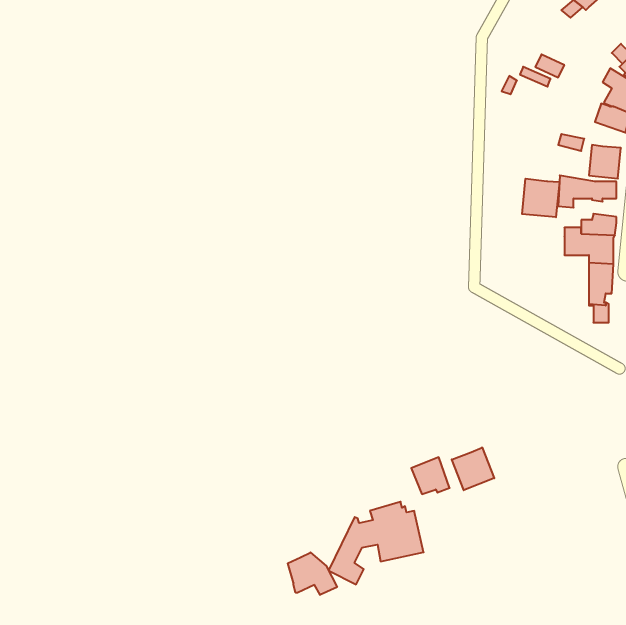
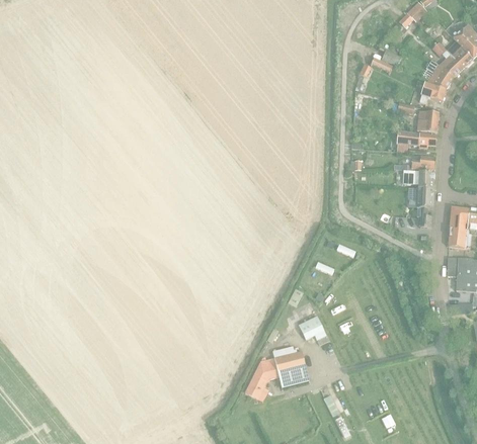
building: [522,179,559,217] -> none
building: [452,447,494,490] -> none
building: [288,552,337,595] -> none

